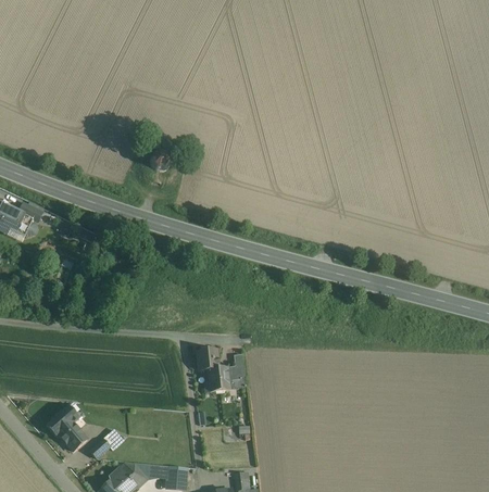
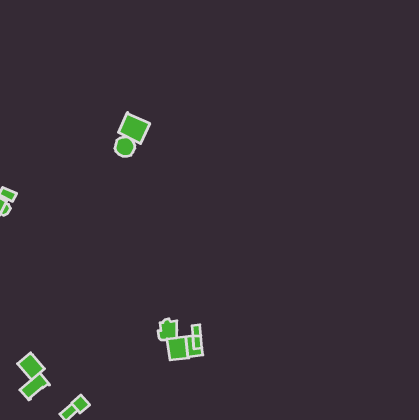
building: none -> [118,112,150,144]
building: [57,420,86,450] -> [17,353,45,380]

